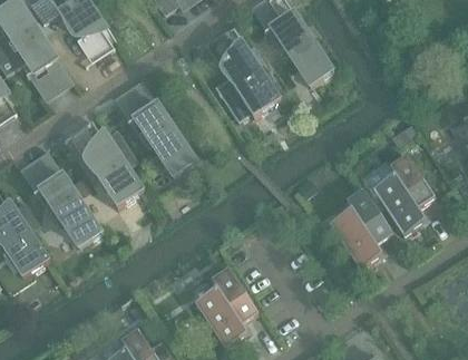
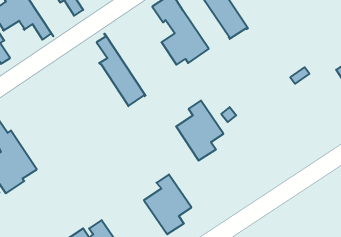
building: [79,119,145,207] -> none
building: [37,148,103,245] -> none
building: [372,153,436,234] -> none
building: [329,187,392,267] -> [176,101,223,160]

